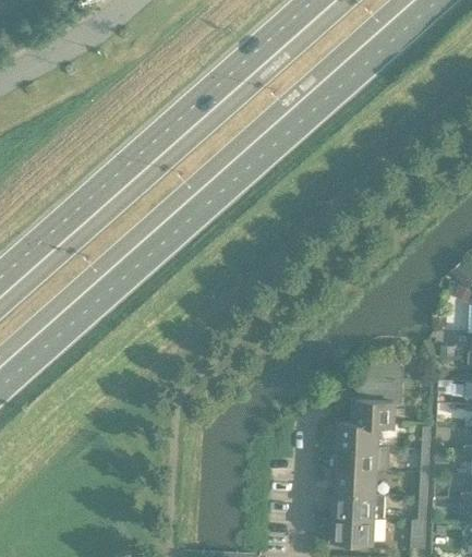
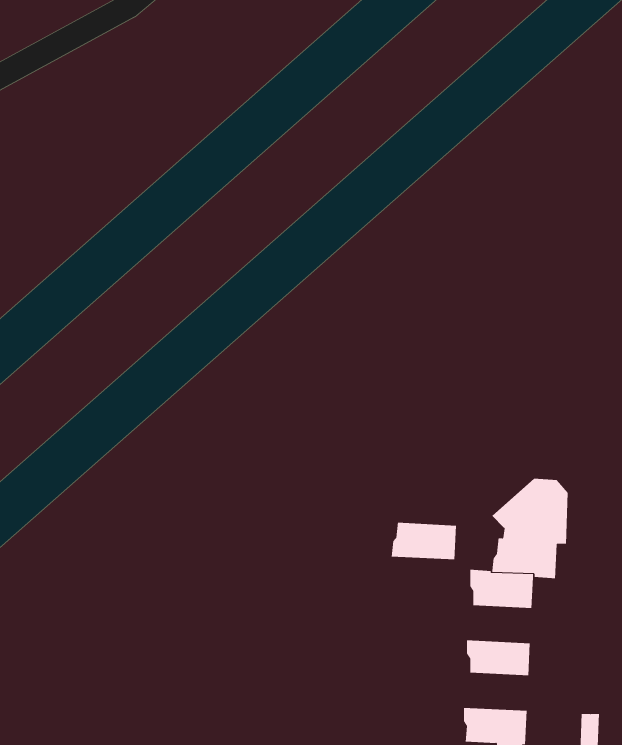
building: [332,453,378,480] -> [391,522,457,560]
building: [330,500,385,526] -> none

